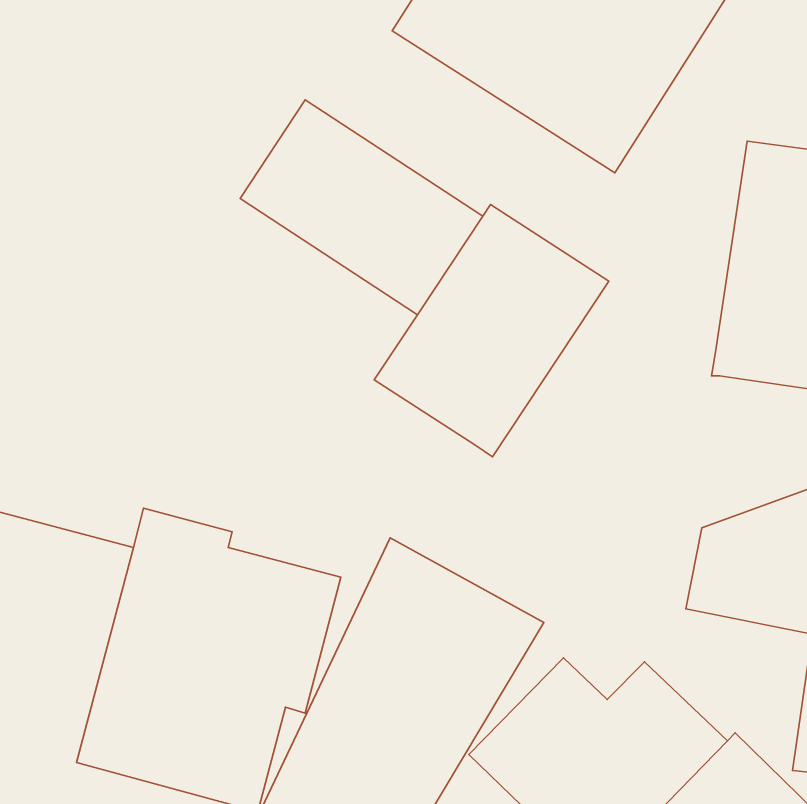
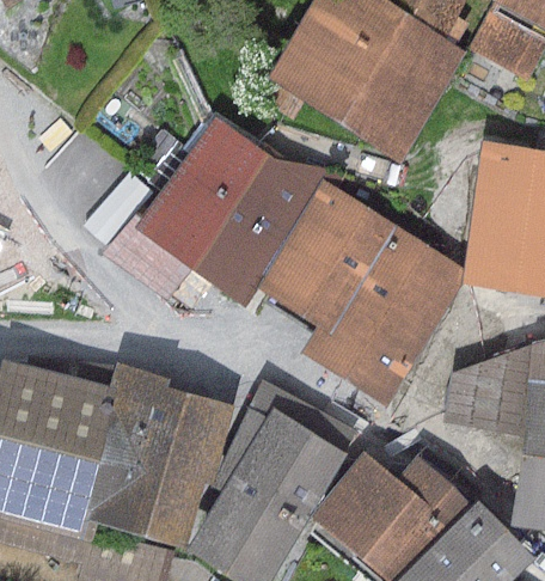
building: none -> [105,176,282,305]
building: none -> [300,226,465,406]

